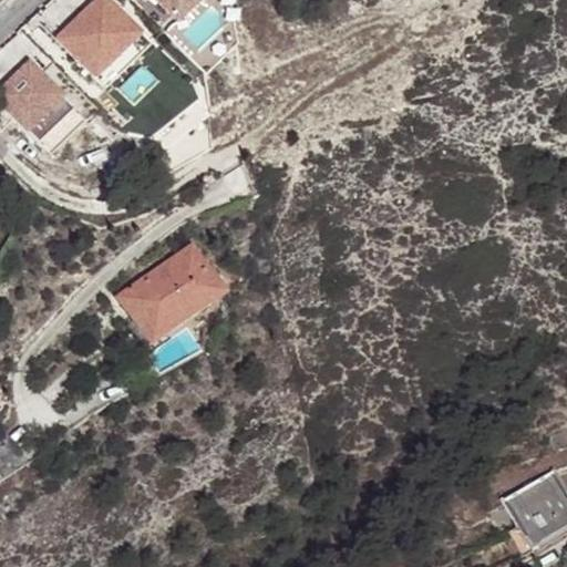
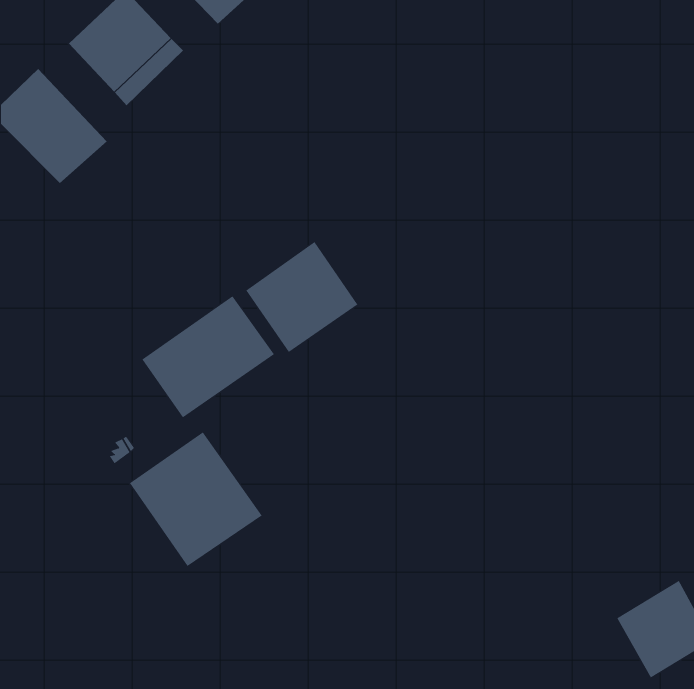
building: none -> [245,241,358,353]
building: none -> [129,431,262,567]

